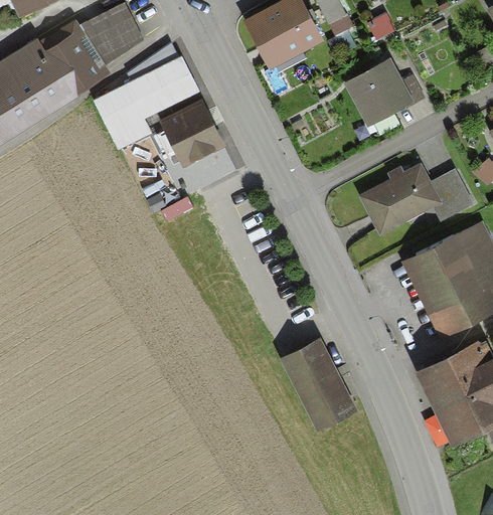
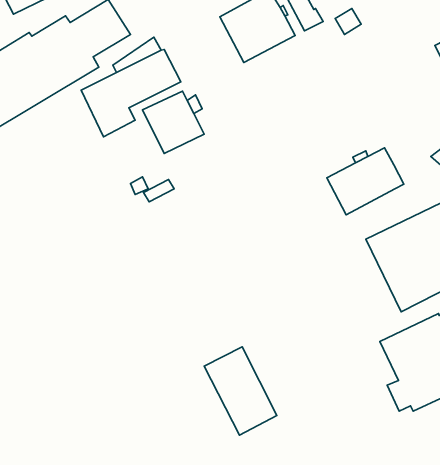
building: [344,57,426,128] -> none
building: [432,167,475,220] -> none
building: [280,337,358,433] -> [204,347,277,435]

